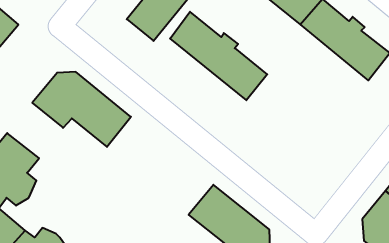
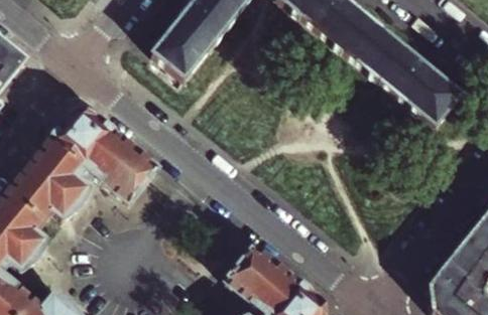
building: [170,12,267,100] -> none
building: none -> [11,150,88,217]

